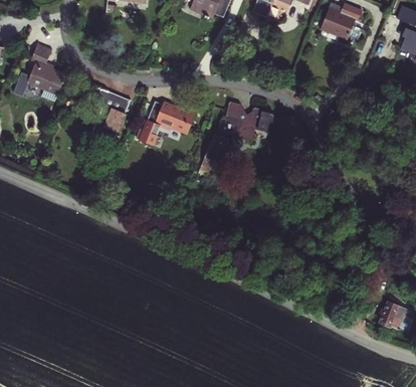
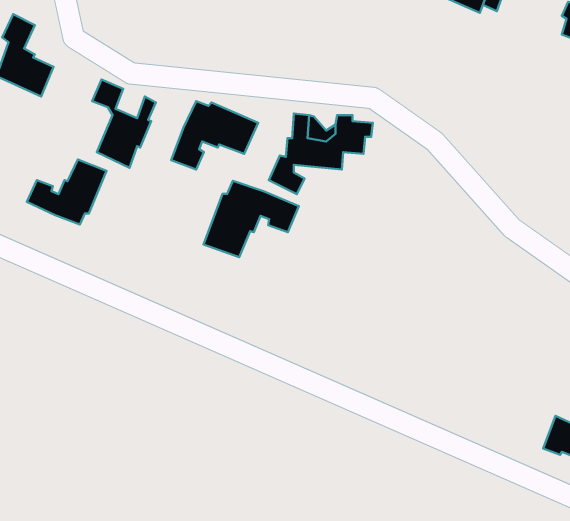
building: none -> [27,159,106,224]
building: none -> [204,181,299,257]

